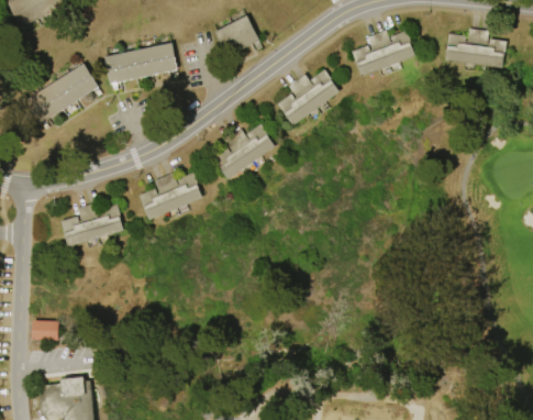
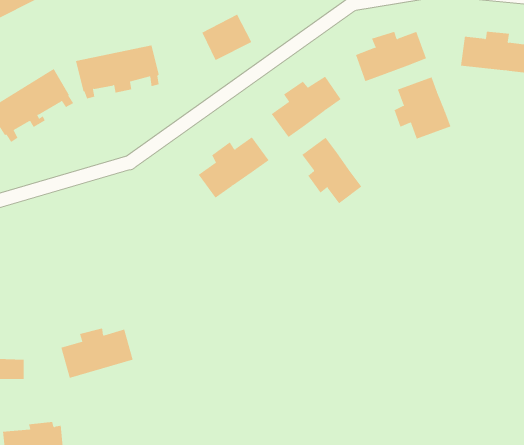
building: none -> [394,77,451,139]
building: none -> [302,137,362,204]
building: [138,173,203,220] -> none
building: [59,202,124,247] -> [61,328,134,379]

